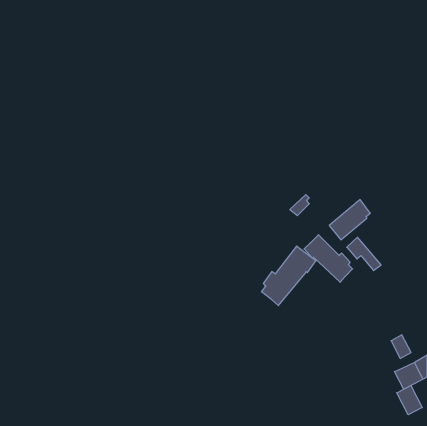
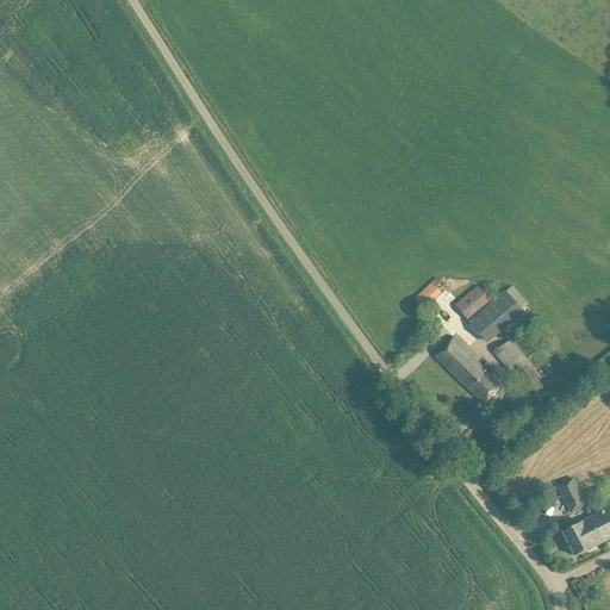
building: none -> [455,285,490,318]
building: [262,246,316,306] -> none
building: [397,386,422,415] -> none

